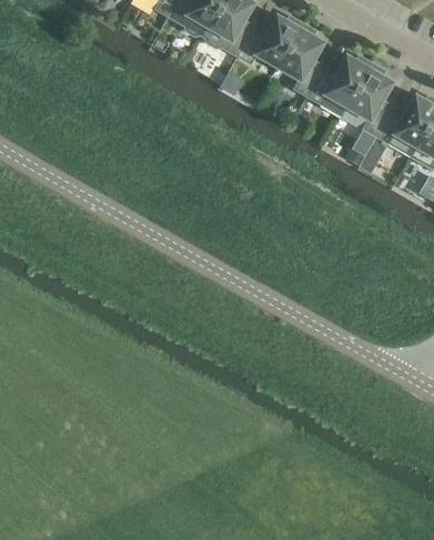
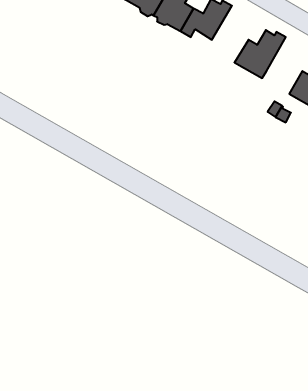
building: [277,23,324,95] -> none
building: [347,63,393,135] -> none

